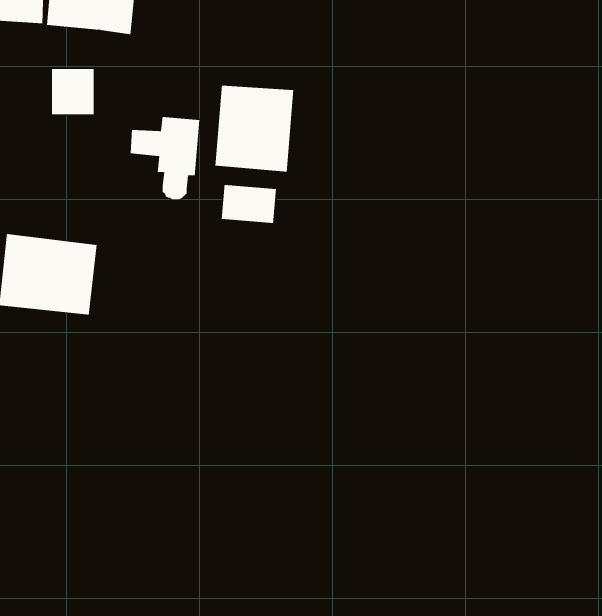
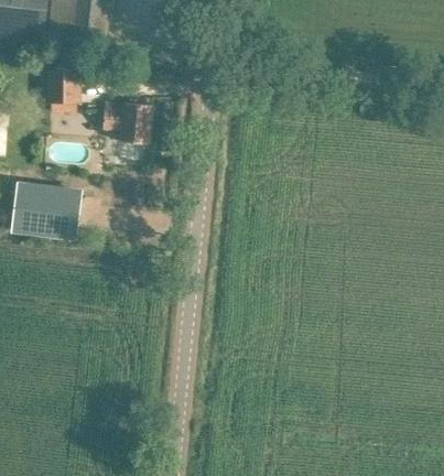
building: [215,85,294,173] -> none
building: [221,184,276,224] -> none

